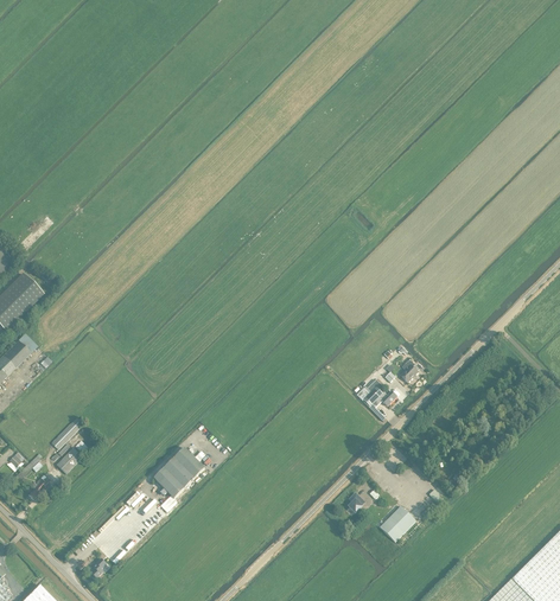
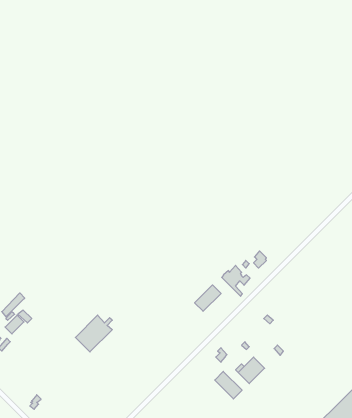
building: none -> [195,285,221,311]
building: none -> [215,371,242,399]

